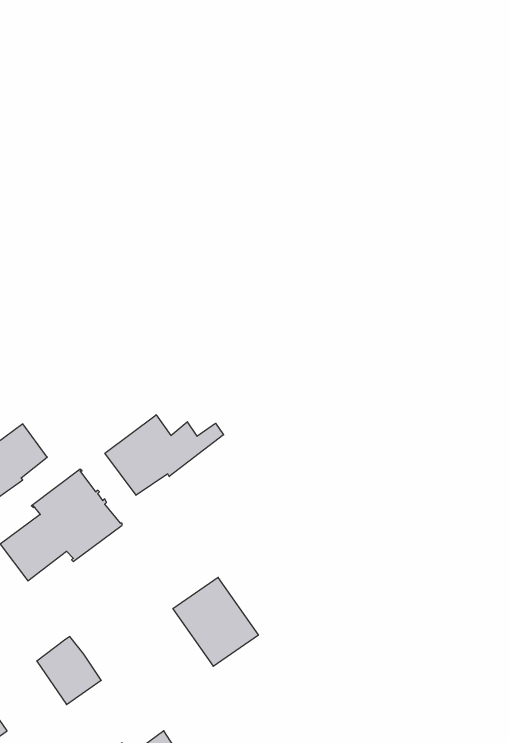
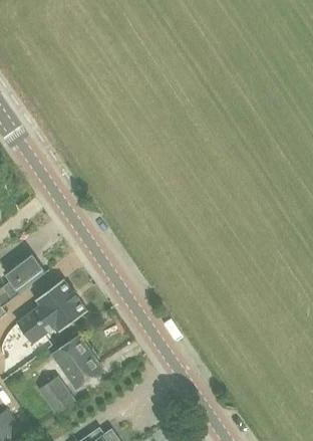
building: [105,415,224,495] -> none
building: [173,577,258,666] -> [52,336,101,387]

